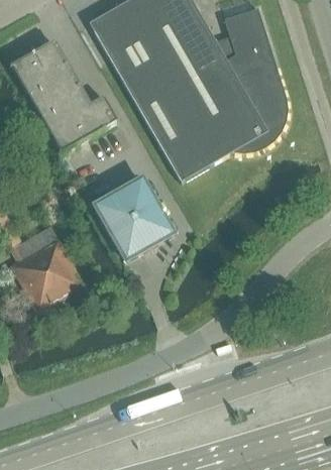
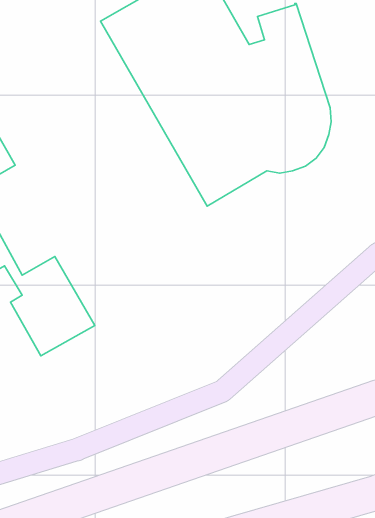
building: [9,39,117,151] -> none
building: [94,178,173,258] -> none

